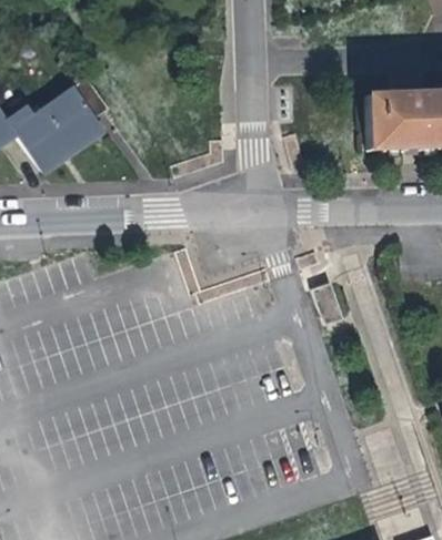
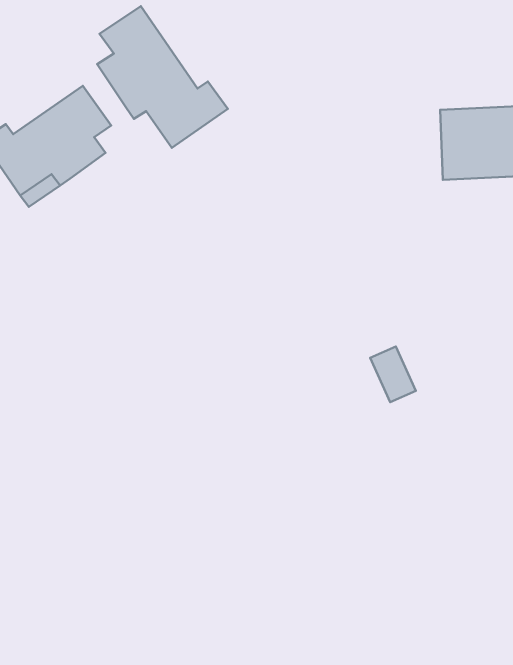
building: none -> [97,6,228,148]

